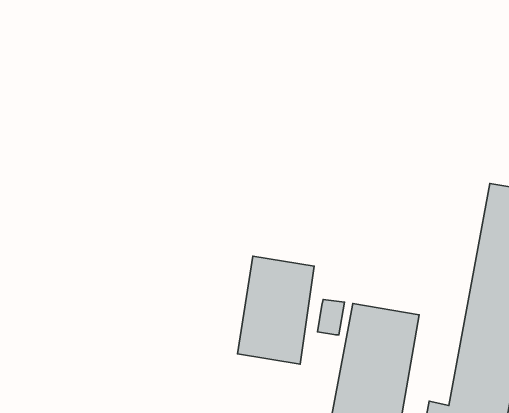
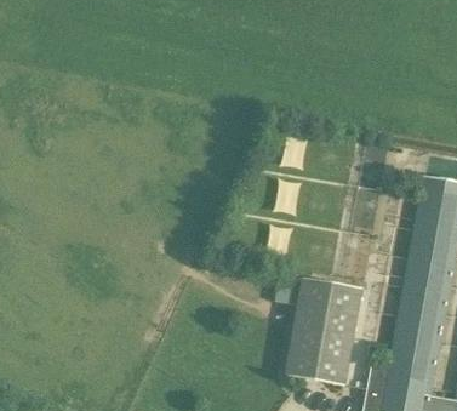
building: [237,256,314,364] -> none

